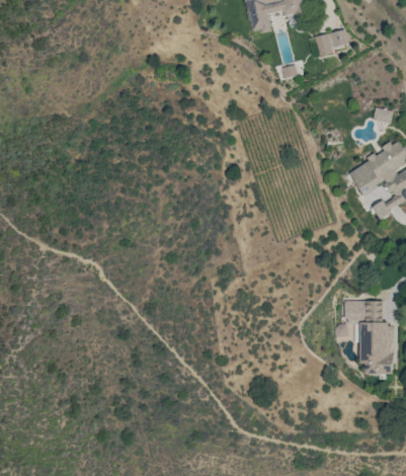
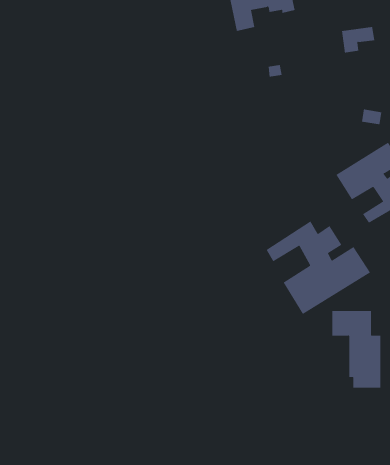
building: [315,31,347,57] -> [341,27,375,53]
building: none -> [266,220,371,315]

